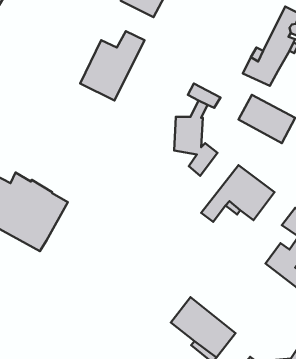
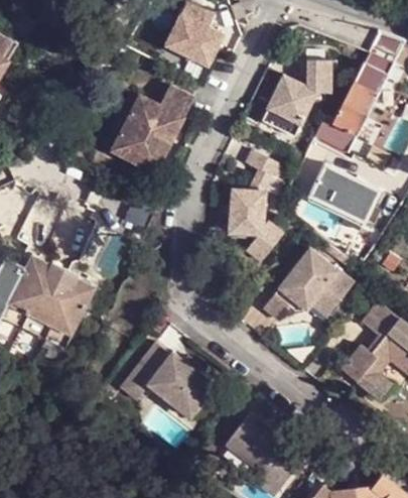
building: none -> [261,59,330,137]
building: none -> [120,341,215,415]

